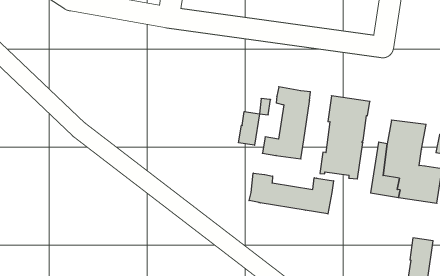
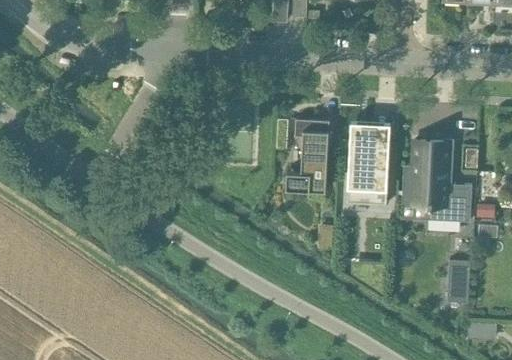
building: [239,112,260,145] -> none
building: [249,173,334,214] -> none

